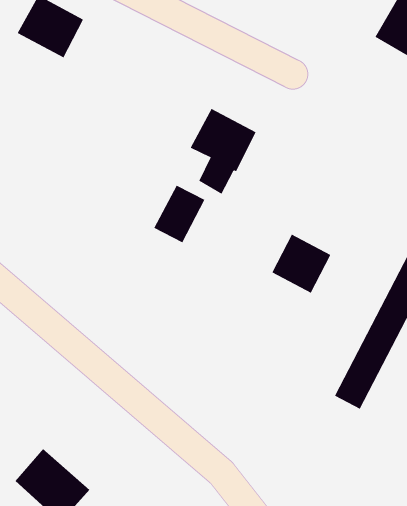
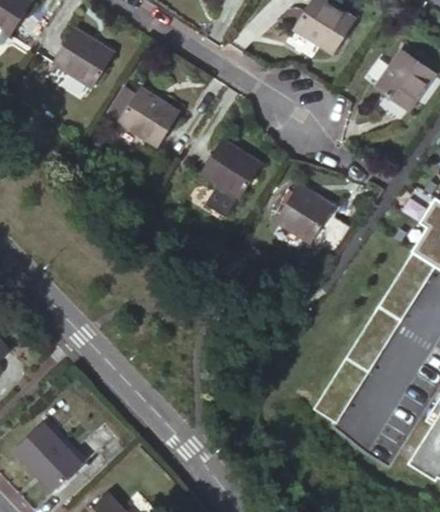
building: none -> [119,86,180,143]
building: [154,185,205,243] -> none
building: [271,234,331,294] -> [276,184,331,239]

